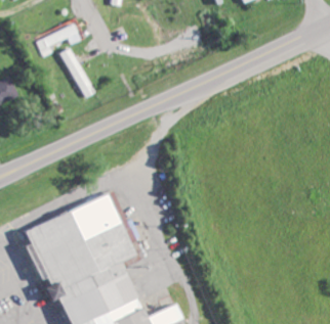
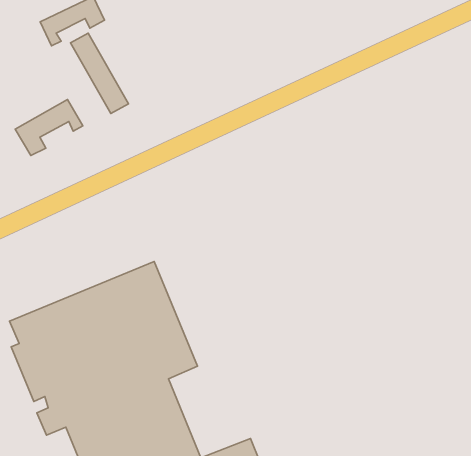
building: none -> [15,99,83,155]

